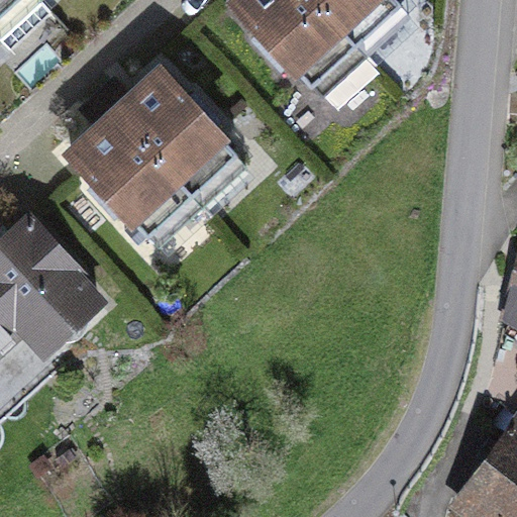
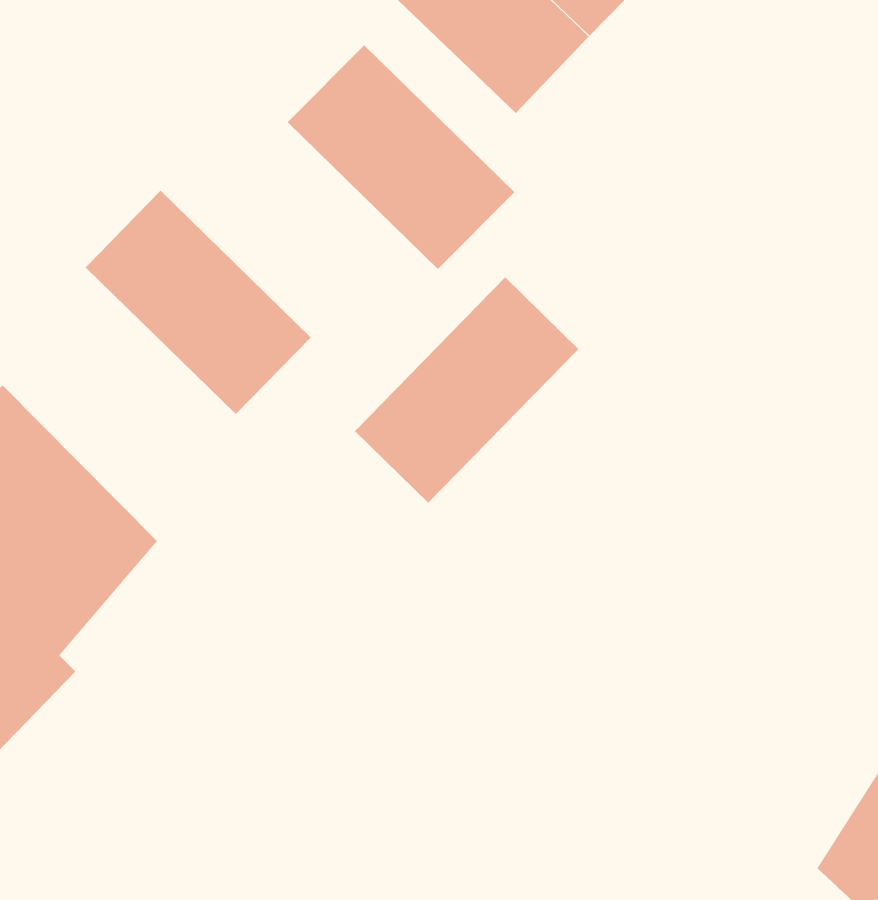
building: [117,69,238,193] -> [287,45,515,270]
building: none -> [354,277,579,504]

